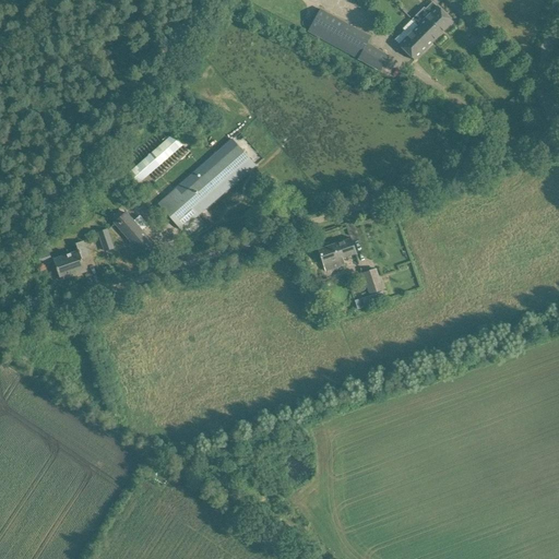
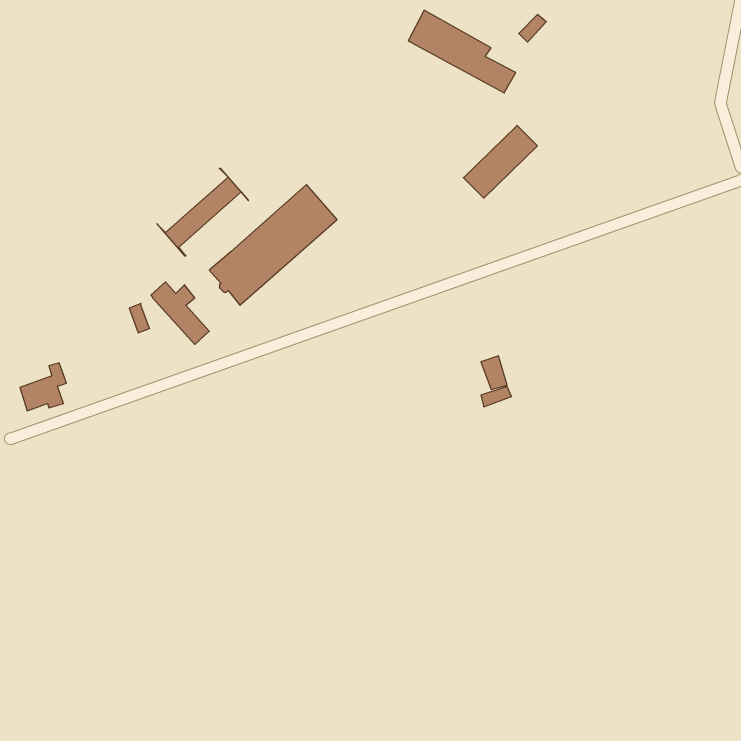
building: [396,5,452,60] -> [463,125,537,198]
building: [317,237,355,271] -> none
building: [52,240,87,276] -> [20,363,66,411]

